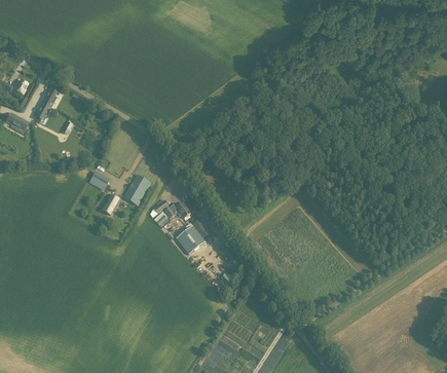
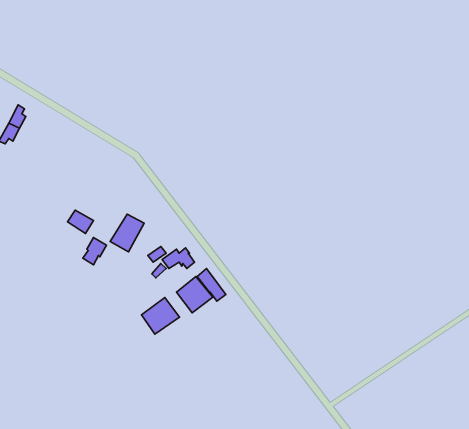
building: none -> [142,298,179,334]

